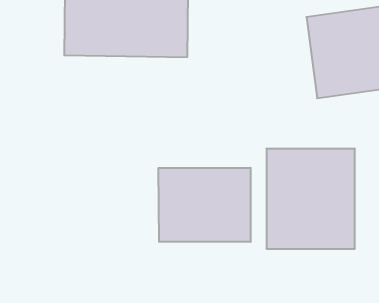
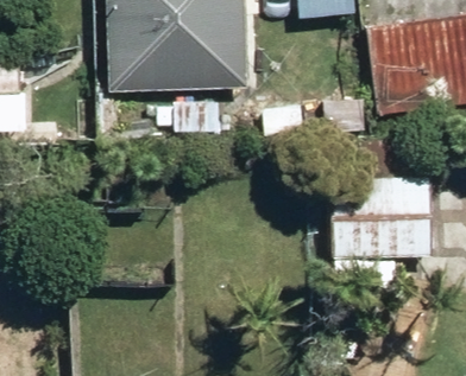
building: [158,168,251,242] -> none

